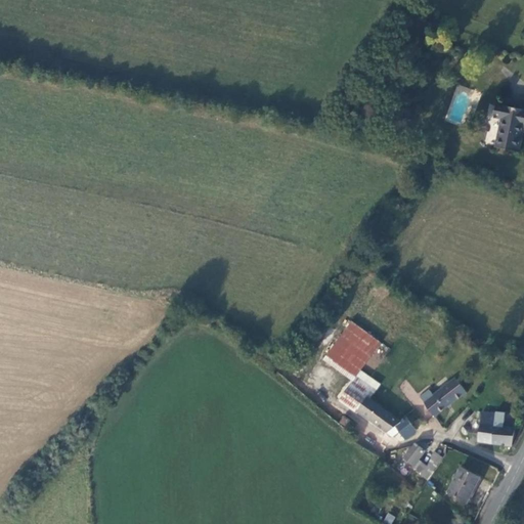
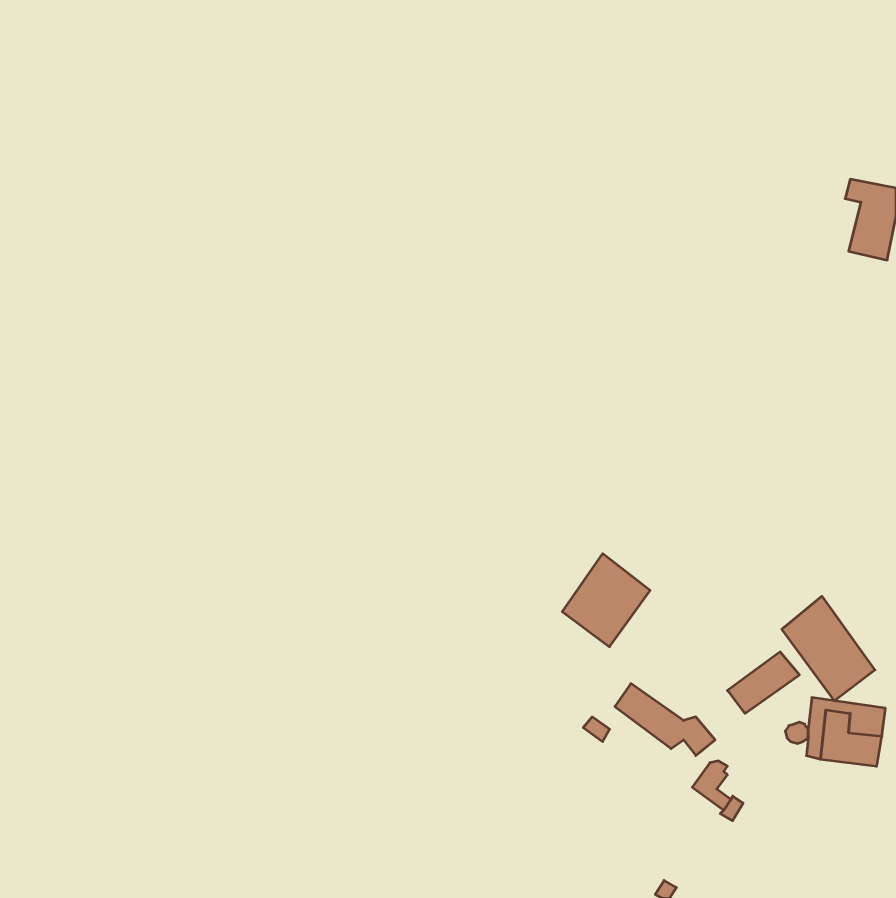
building: none -> [782,596,875,701]
building: [341,377,374,411] -> none
building: [447,469,479,503] -> none

